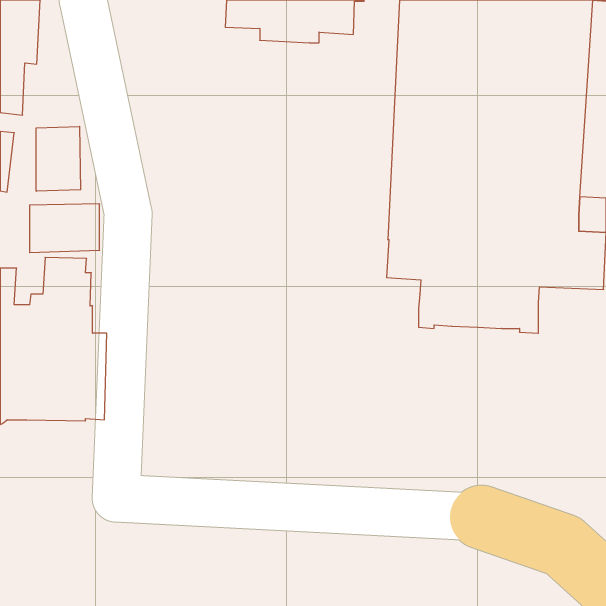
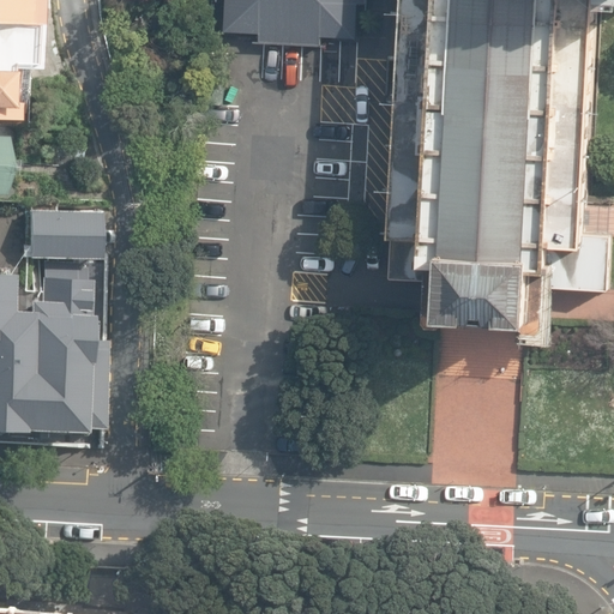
building: [36,126,81,191] -> none

